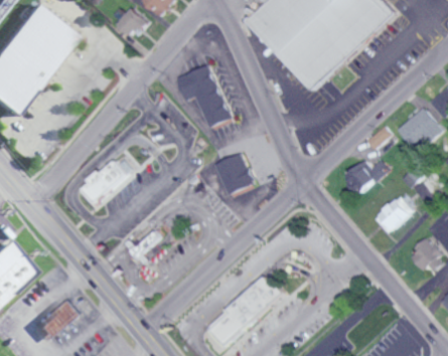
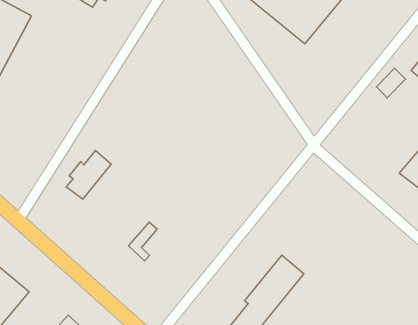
building: [176,64,230,126] -> none
building: [214,153,253,194] -> none
building: [345,159,387,193] -> none

